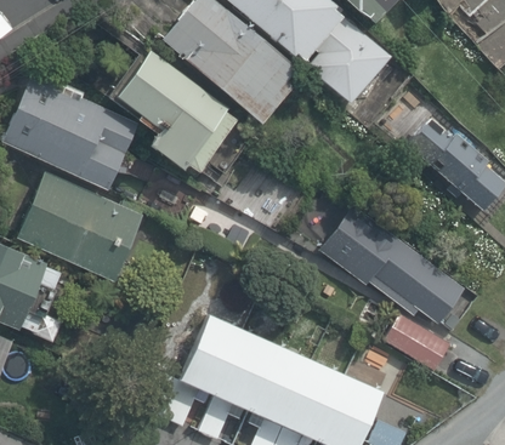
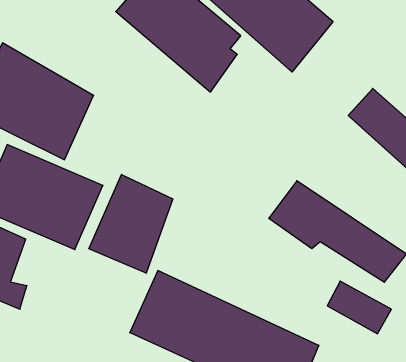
building: [114,50,240,175] -> none
building: none -> [89,174,173,273]

